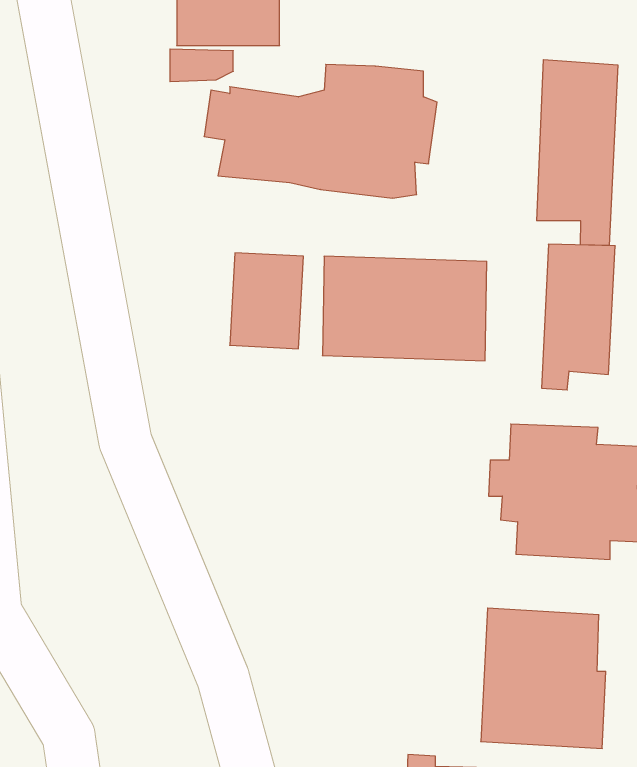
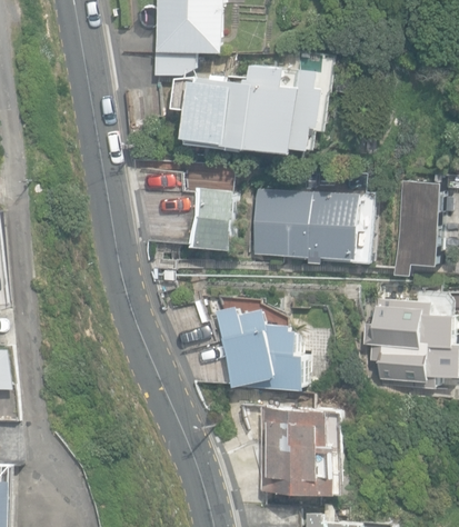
building: [537,60,618,245] -> none
building: none -> [214,307,307,389]
building: [481,608,606,748] -> [259,404,340,495]

